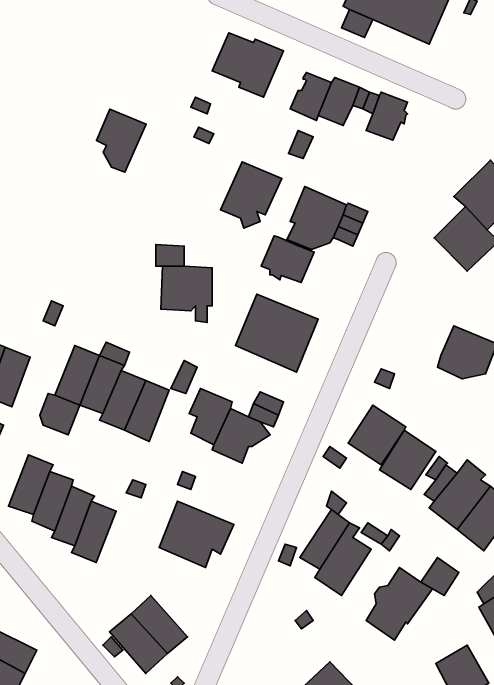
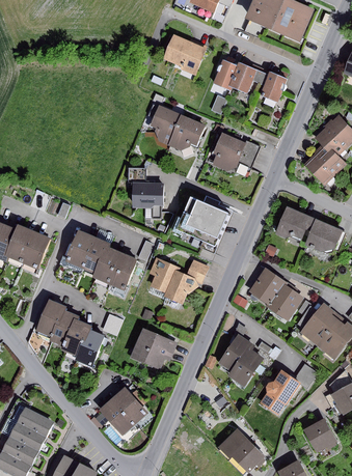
building: [97,109,146,172] -> [151,106,182,145]
building: [261,236,314,283] -> none
building: none -> [274,206,315,239]

